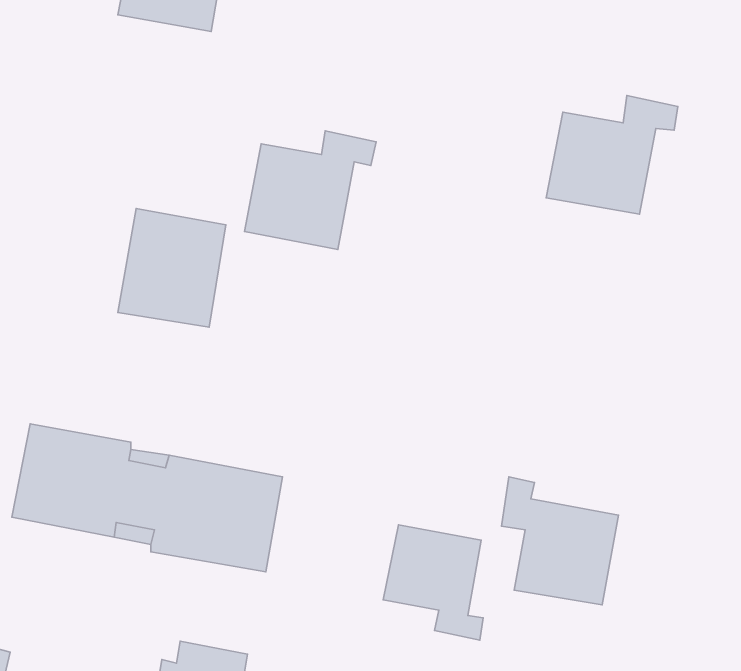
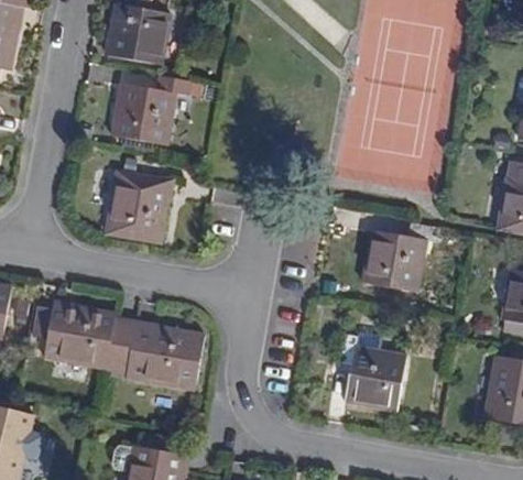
building: [546,96,678,214] -> [361,220,440,292]
building: [245,131,376,250] -> [110,74,189,145]
building: [383,525,483,640] -> none

